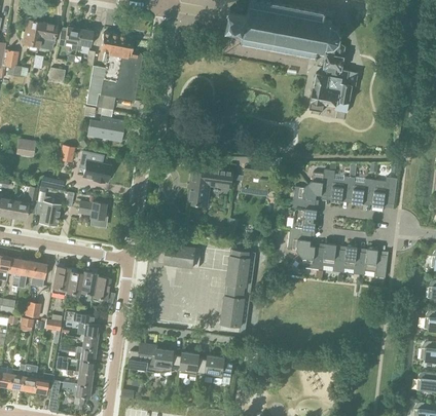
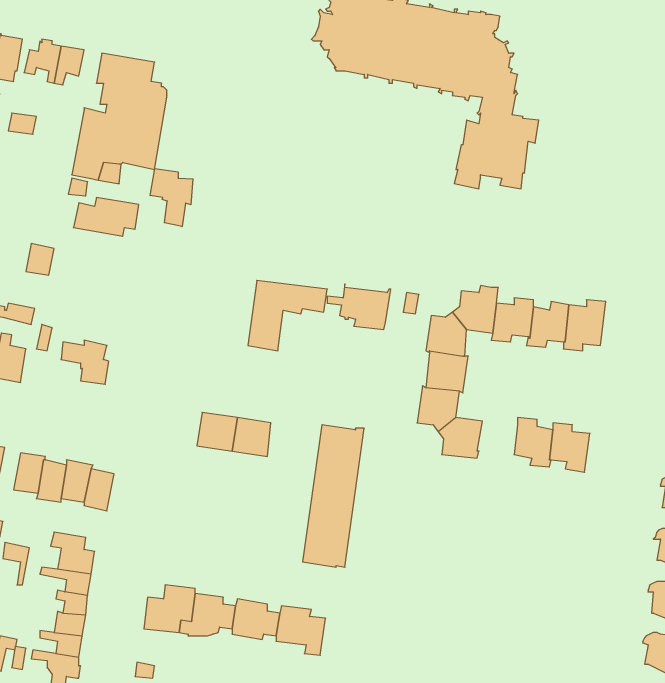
building: none -> [150,168,193,227]
building: [78,152,110,183] -> none
building: [322,243,346,273] -> none

